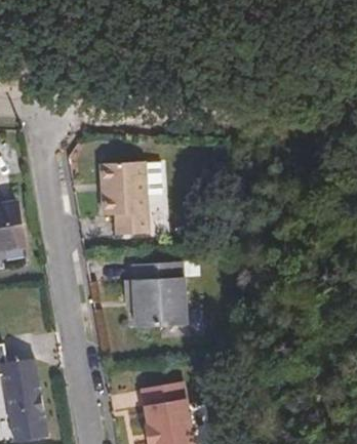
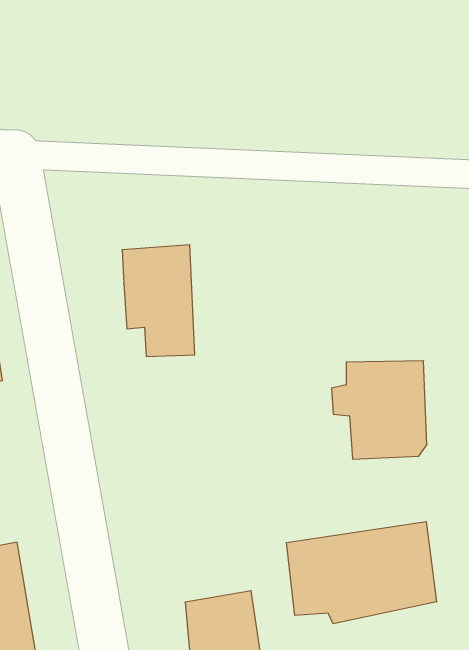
building: [123,266,184,328] -> [332,361,427,459]
building: none -> [287,522,437,624]

